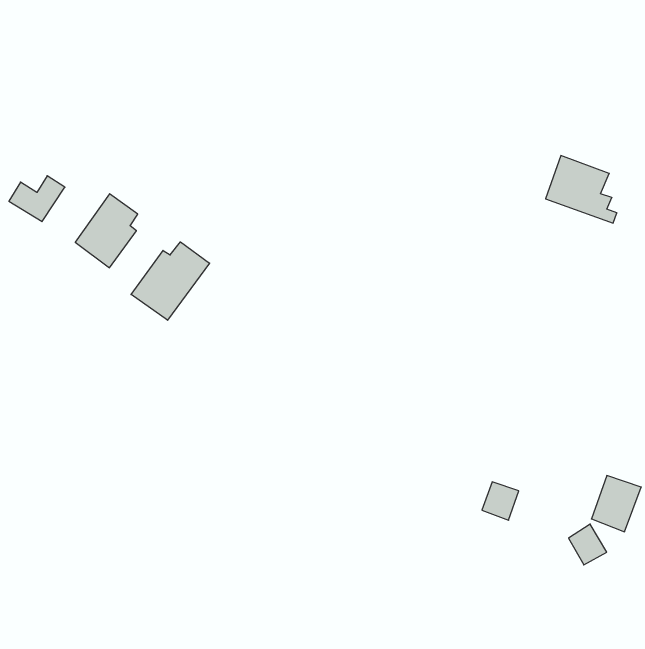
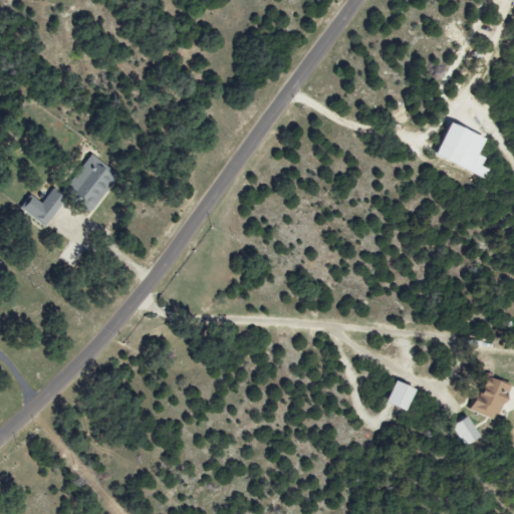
building: [9,176,65,222] -> [22,188,66,224]
building: [131,242,210,320] -> none

